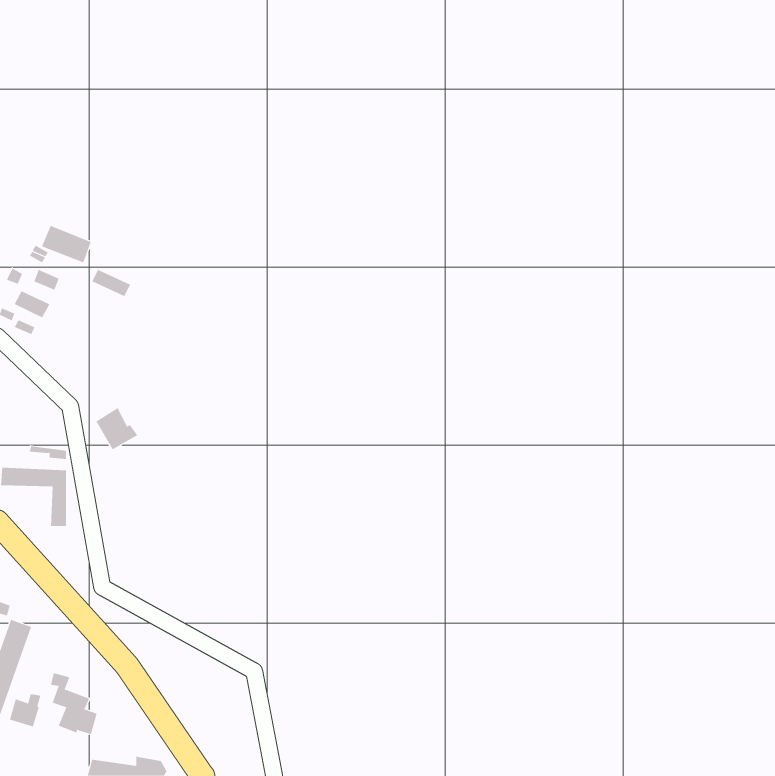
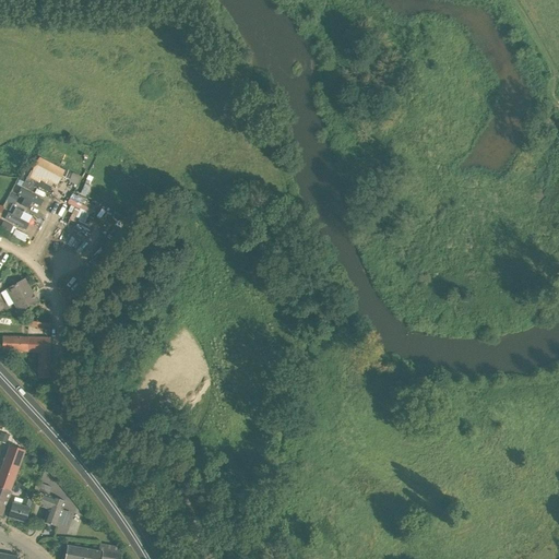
building: [95,406,138,450] -> [5,280,36,311]

